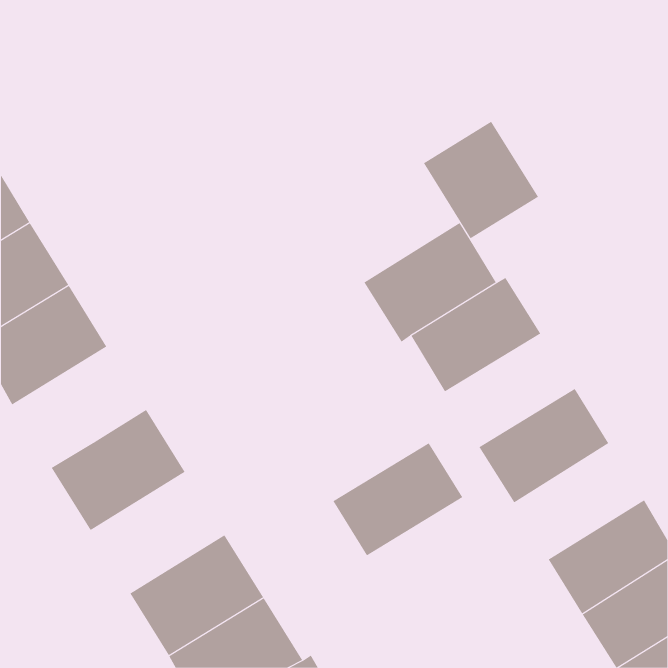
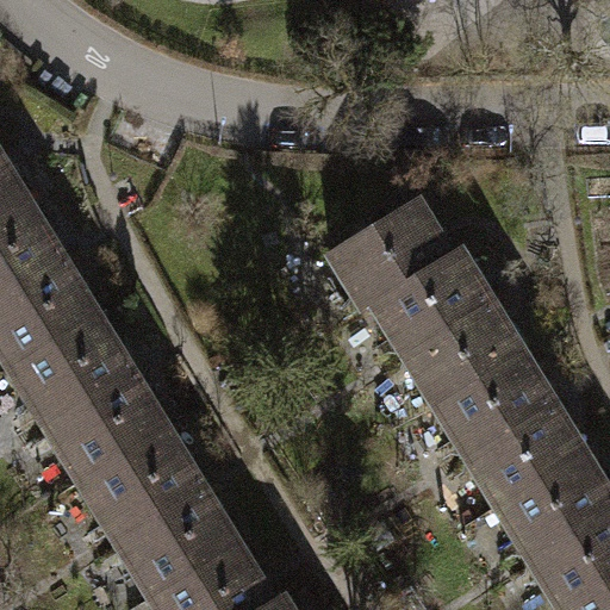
building: [423,121,539,239] -> none
building: none -> [11,316,133,427]
building: [332,442,463,556] -> [405,304,524,407]
building: none -> [468,404,587,510]
building: none -> [82,430,205,541]

